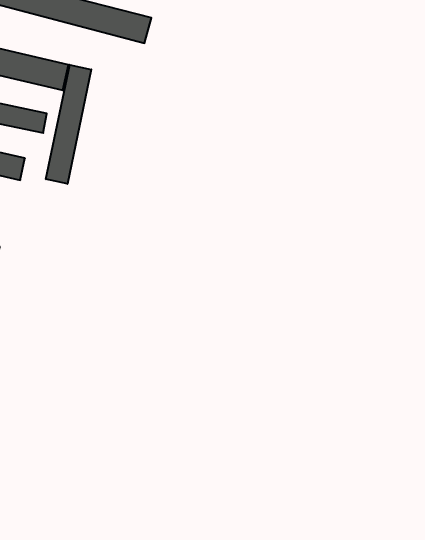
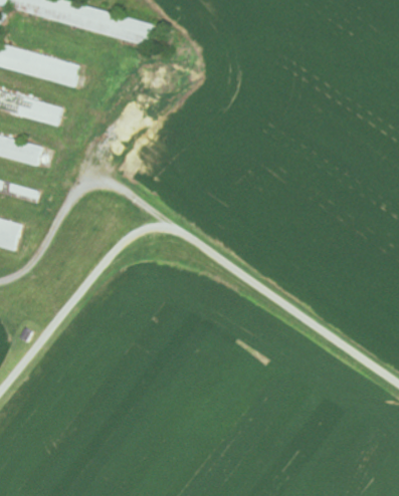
building: [46,65,91,184] -> none

